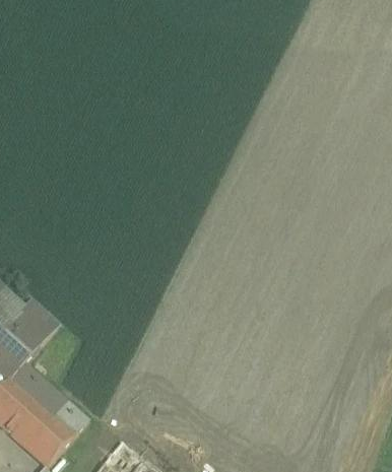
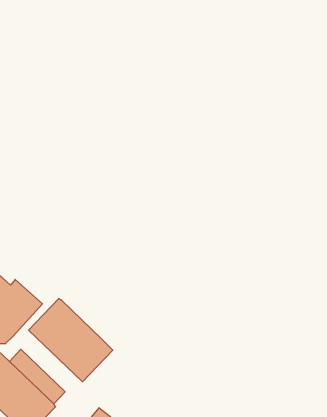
building: none -> [29,298,113,382]

